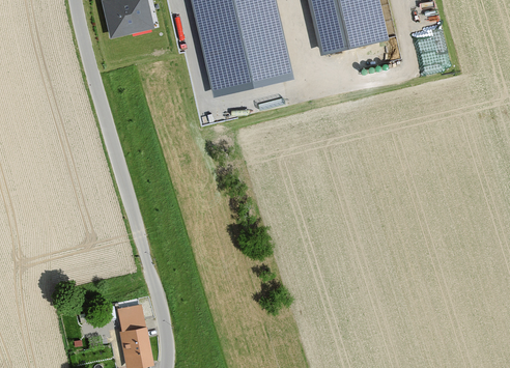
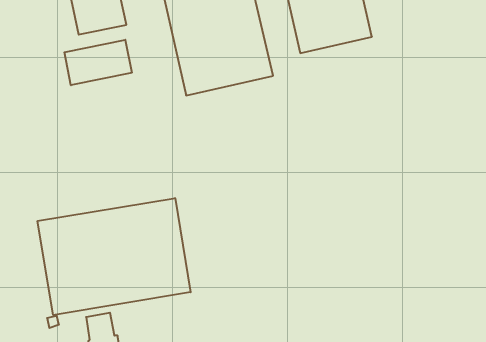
building: none -> [64,40,132,85]
building: none -> [38,198,191,315]

